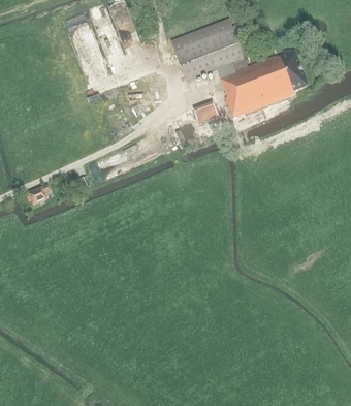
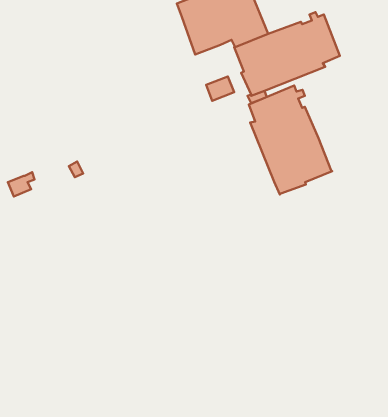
building: none -> [249,86,332,195]

